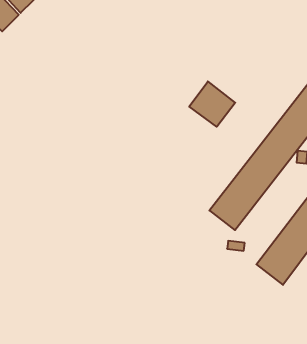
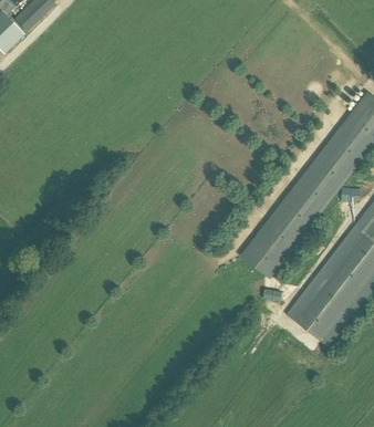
building: [189,81,235,127] -> none

